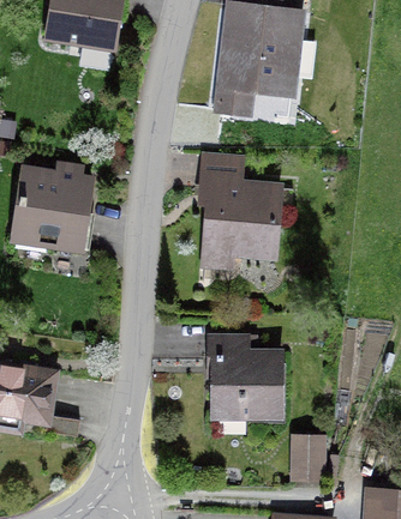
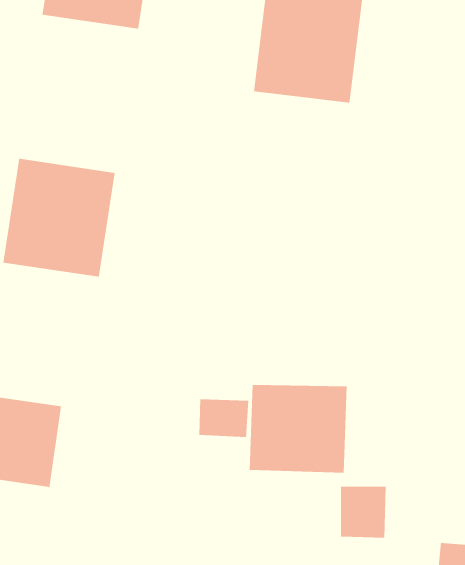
building: [188,151,289,276] -> none
building: none -> [199,399,249,438]

